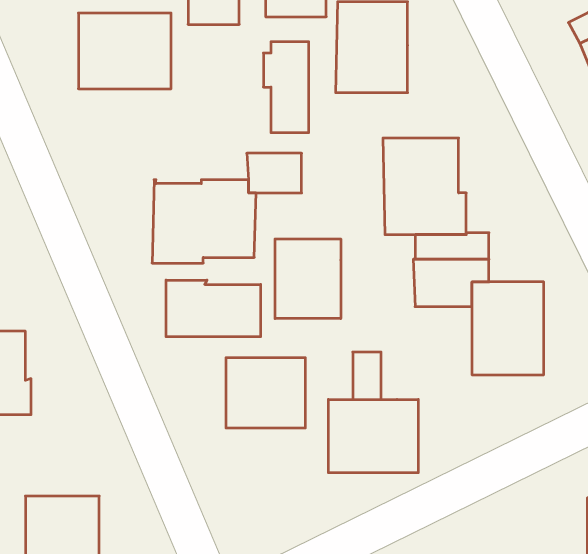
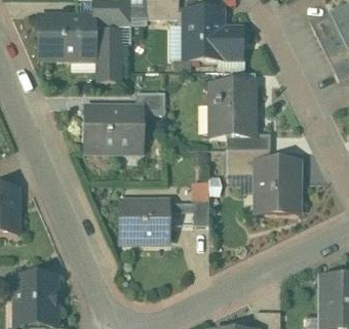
building: none -> [223,26,241,57]
building: [263,42,309,133] -> [94,29,119,78]
building: [275,239,341,319] -> none
building: [166,280,261,337] -> none
building: [328,399,418,473] -> none

